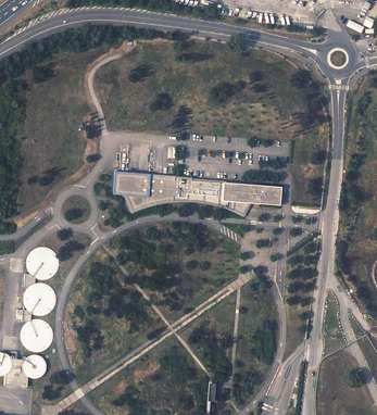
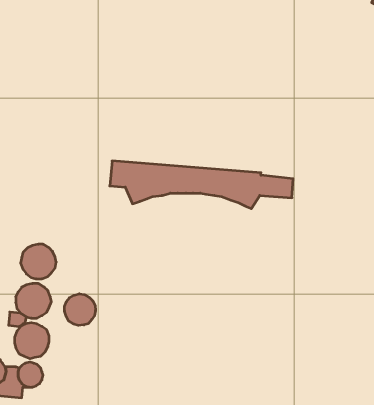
building: none -> [64,294,95,325]

